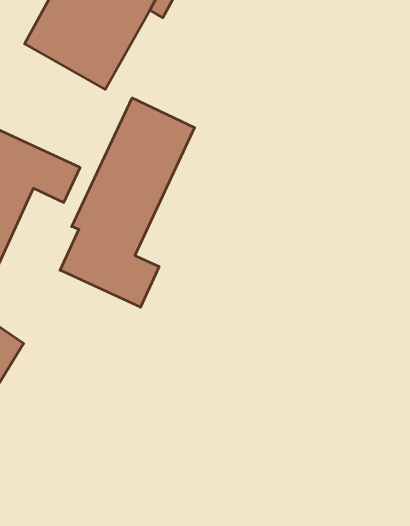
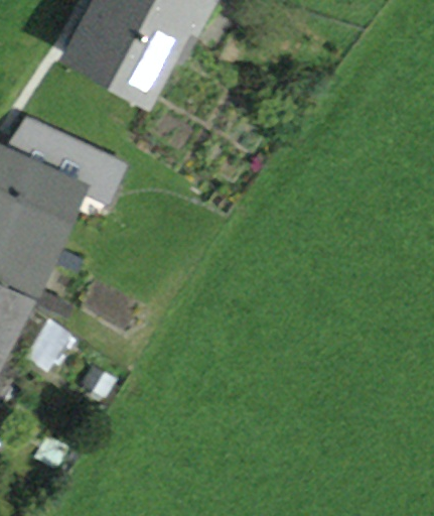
building: [60,98,195,307] -> none

